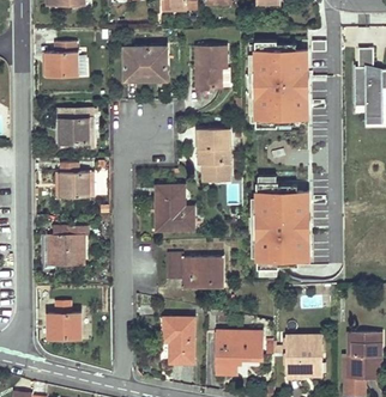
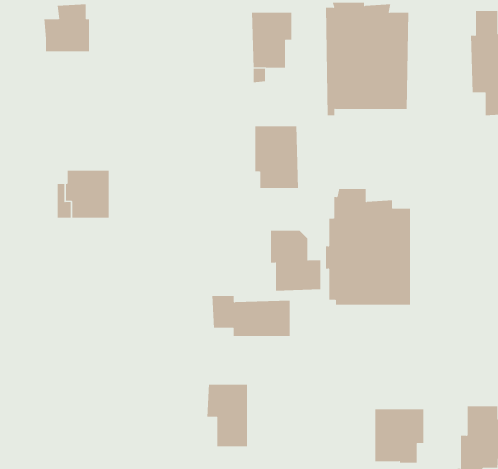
building: [125,48,165,80] -> none
building: [56,110,92,148] -> none
building: [156,187,193,231] -> [270,230,321,291]
building: [42,227,88,270] -> none
building: [47,303,80,338] -> none
building: [217,331,261,374] -> none

